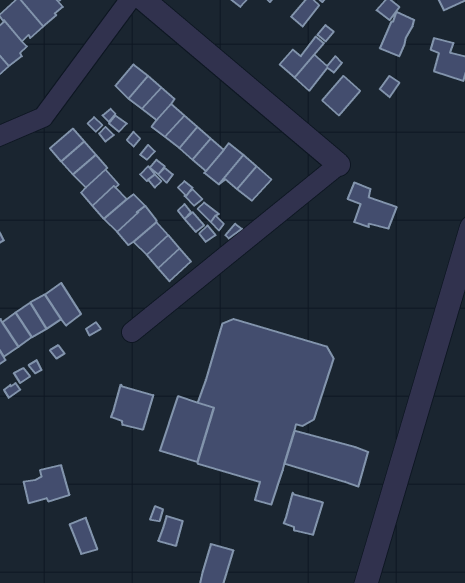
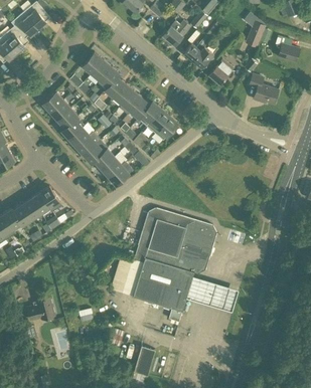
building: none -> [162,20,190,46]
building: [348,183,397,229] -> [249,74,279,103]
building: [111,385,153,430] -> none
building: [284,493,323,535] -> none

